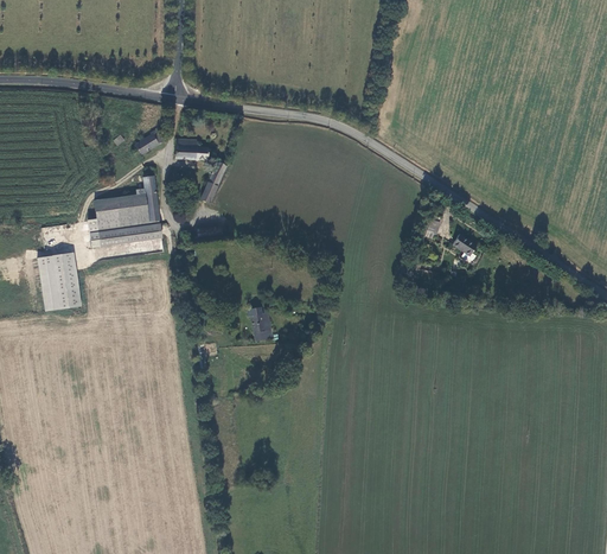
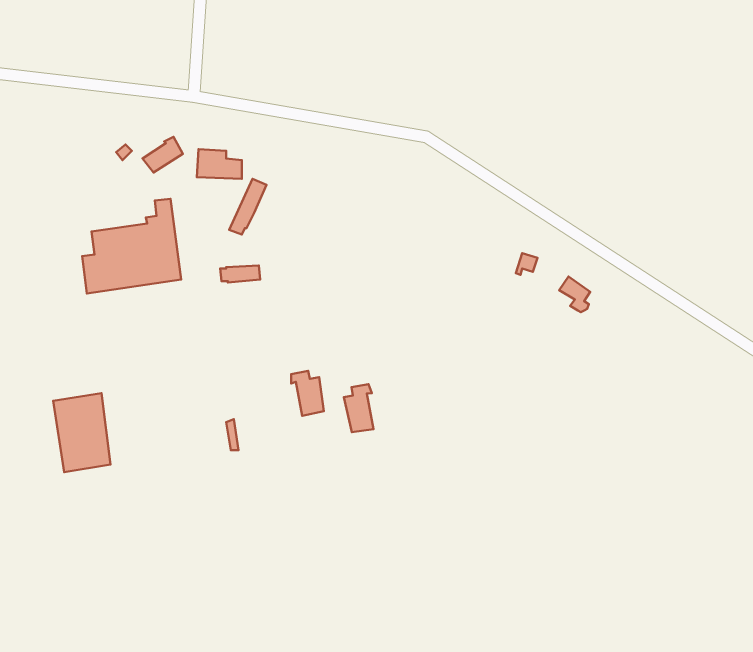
building: [36,251,79,312] -> [53,393,111,472]
building: none -> [344,384,373,432]

